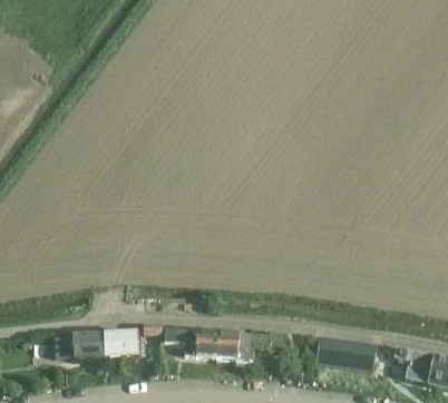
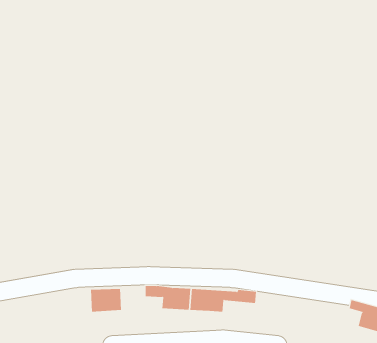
building: [53,332,104,358] -> none
building: [314,335,376,368] -> none

